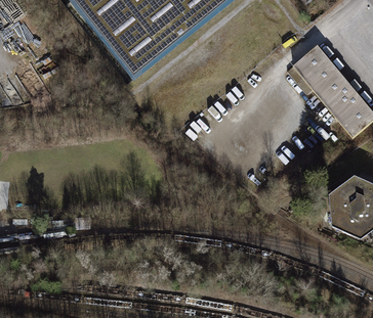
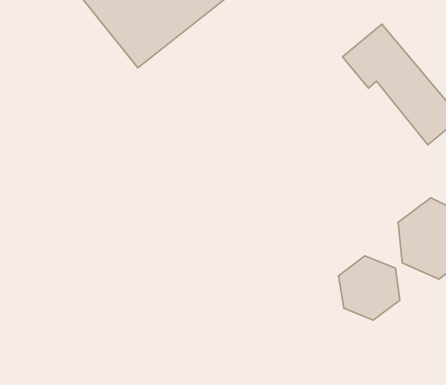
building: none -> [338,256,400,320]

